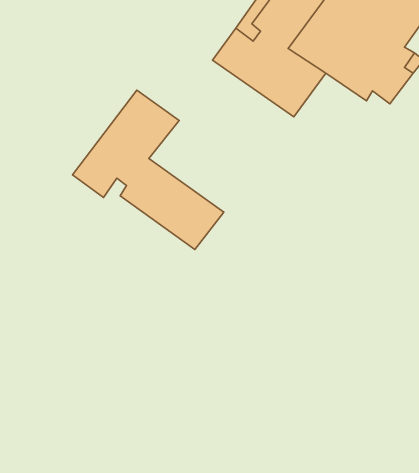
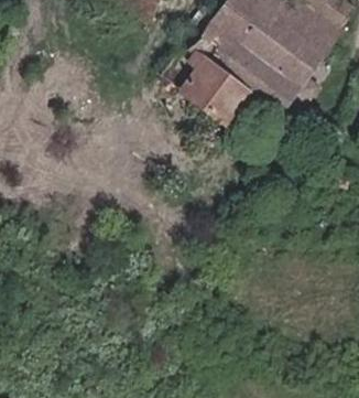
building: [73,90,224,249] -> none

